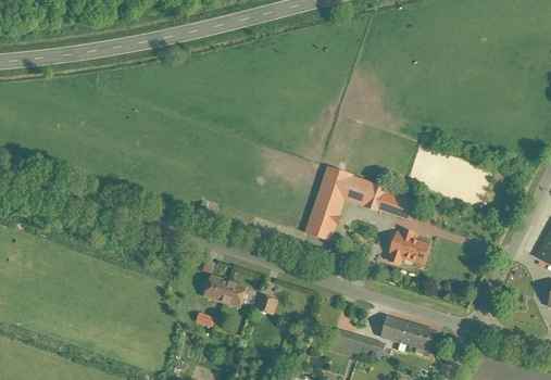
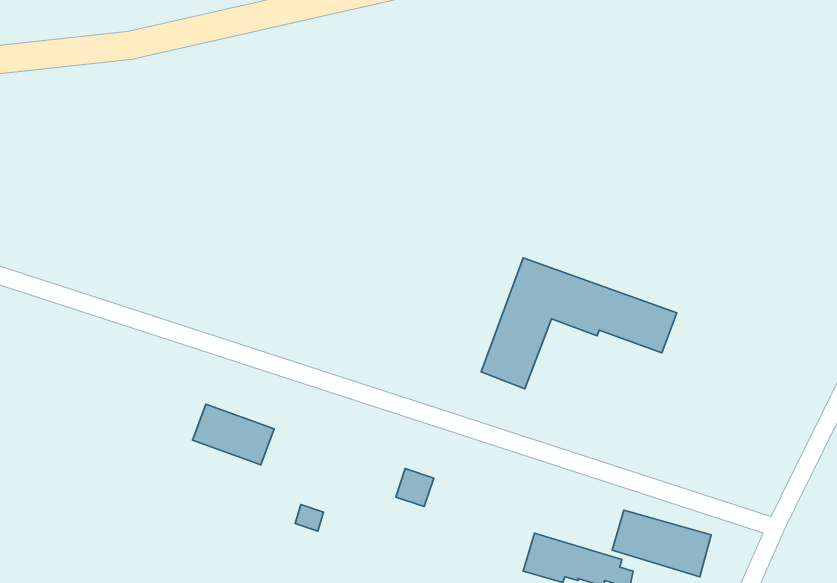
building: [386,230,430,271] -> none
building: [201,268,248,303] -> [193,404,274,465]

